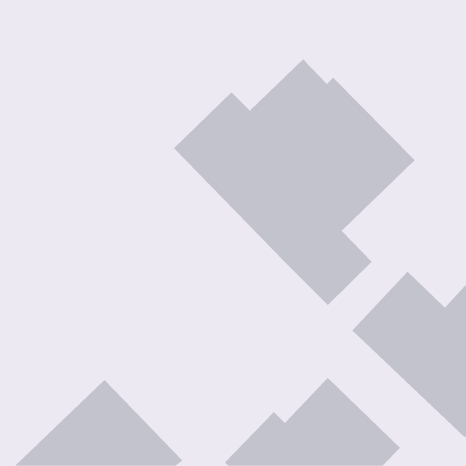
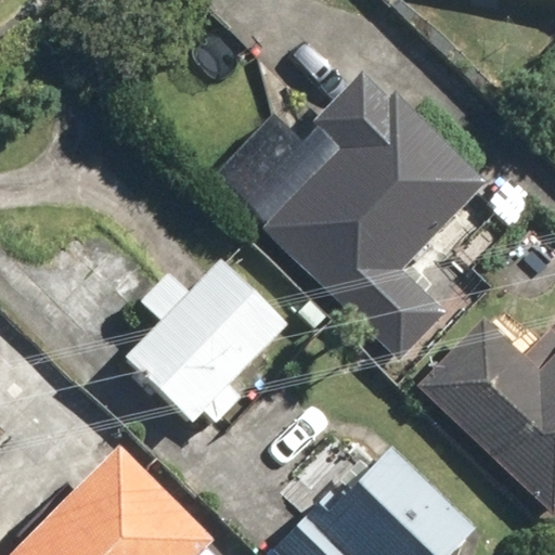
building: none -> [127,261,292,424]

